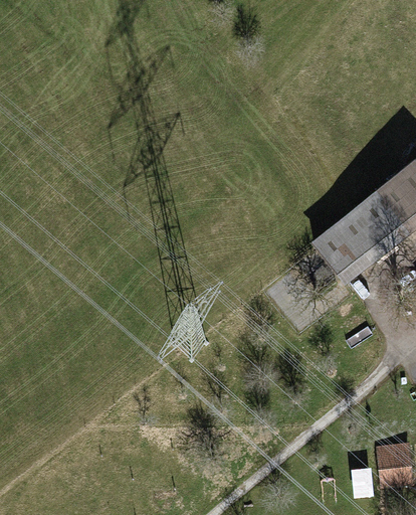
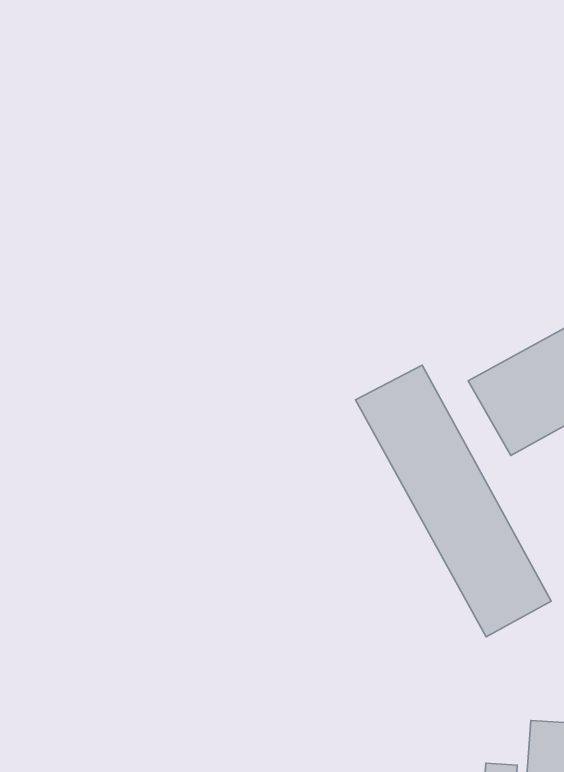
building: none -> [356,365,551,637]

